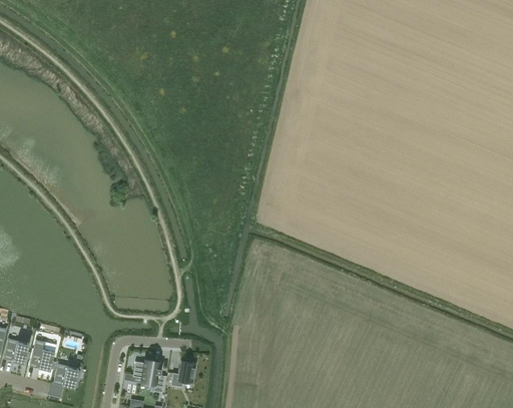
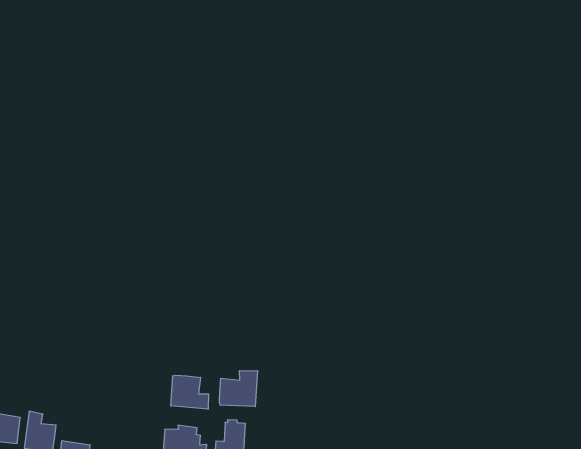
building: none -> [171,375,208,409]
building: none -> [219,371,257,407]

